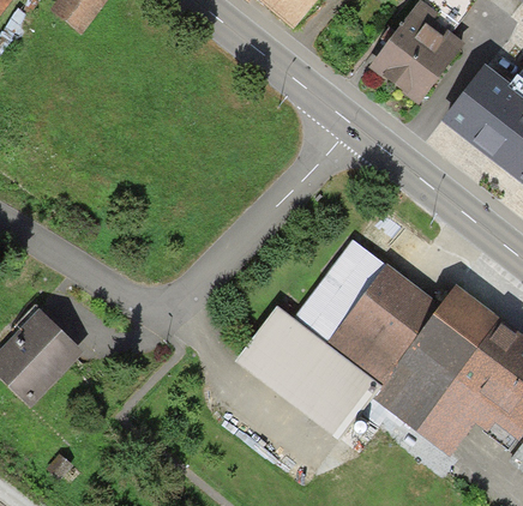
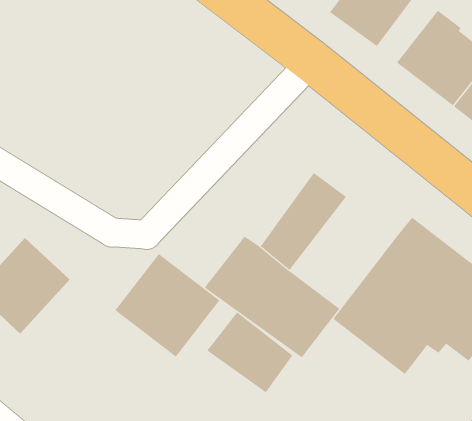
building: [326,264,441,384] -> none
building: none -> [115,253,220,358]
building: none -> [207,311,293,393]

